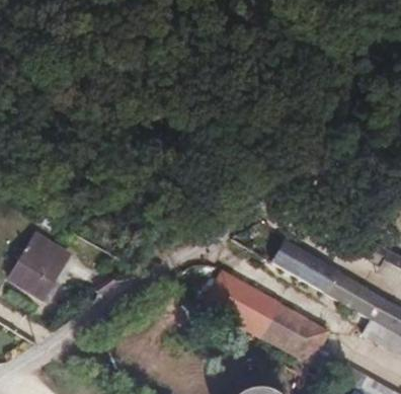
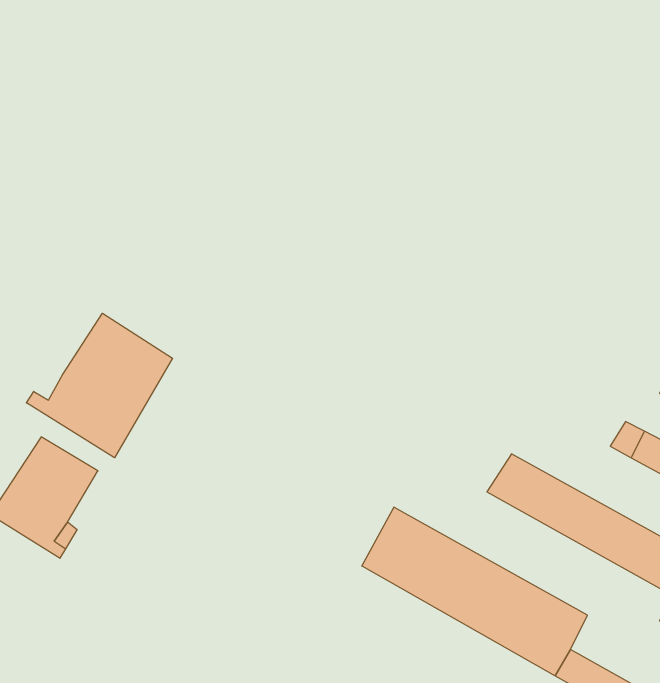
building: none -> [26,313,173,458]

